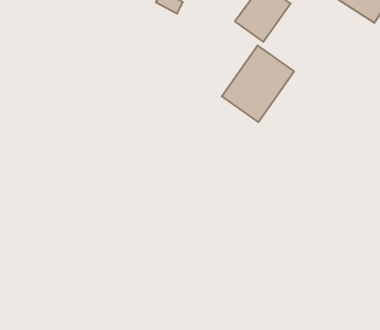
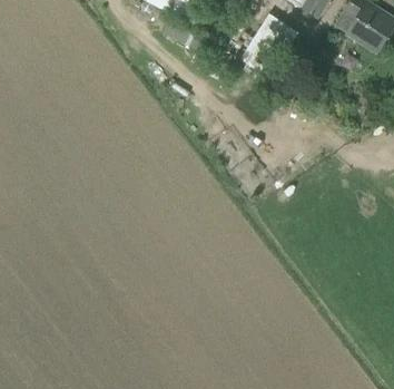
building: [222,45,294,122] -> none

